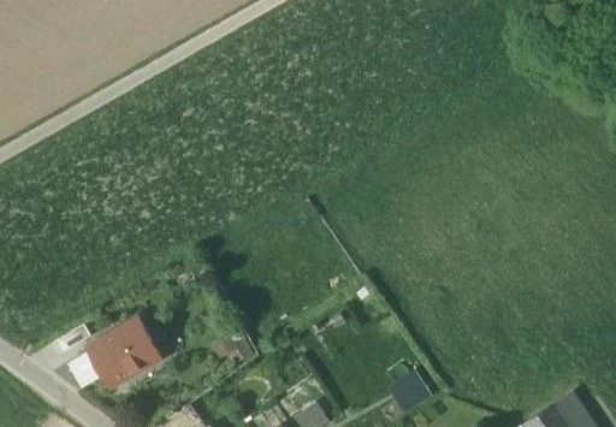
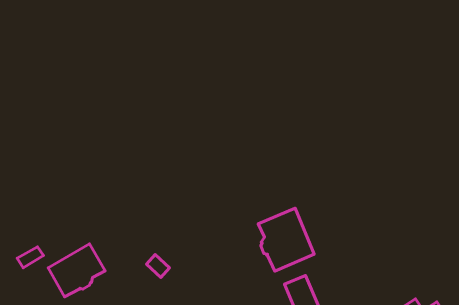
building: none -> [258,208,314,271]

